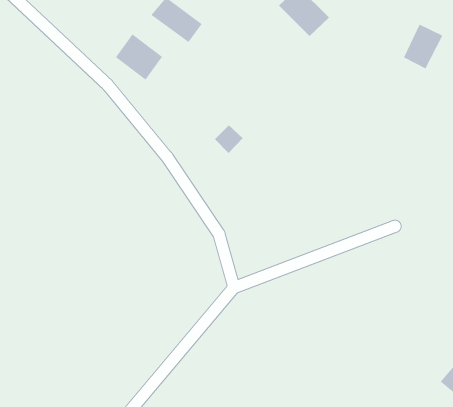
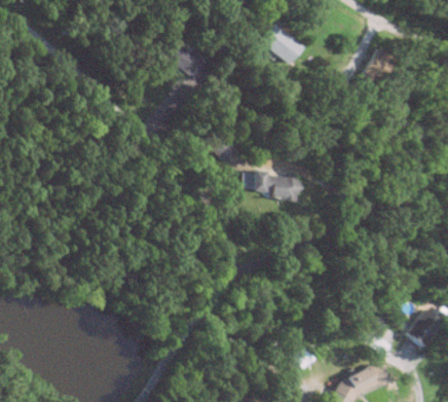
building: [115,33,163,80] -> none
building: none -> [246,171,303,199]

